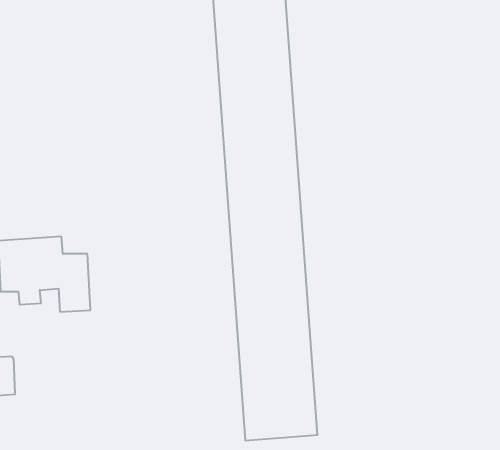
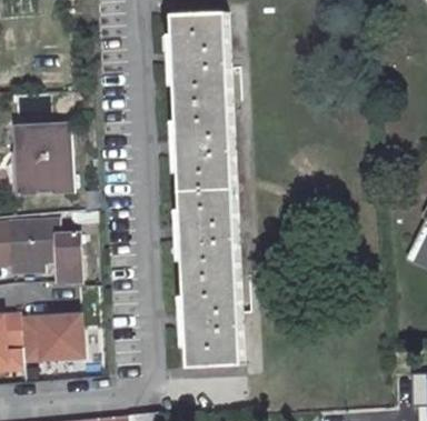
building: none -> [19,128,71,193]
building: none -> [16,310,78,357]

